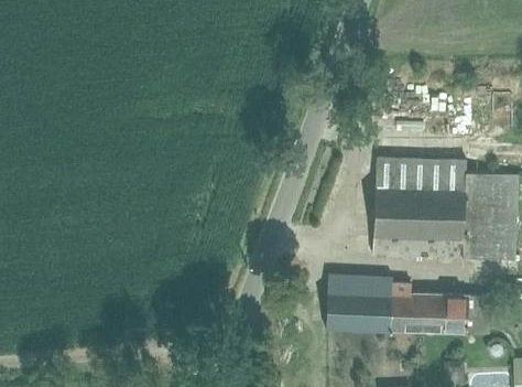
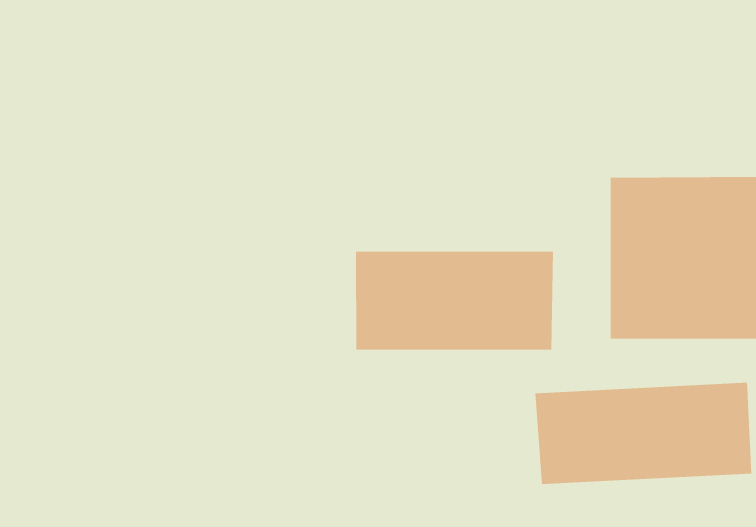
building: none -> [355,251,553,351]

